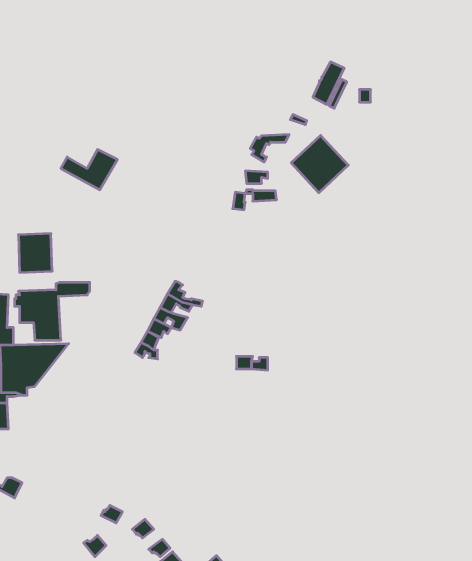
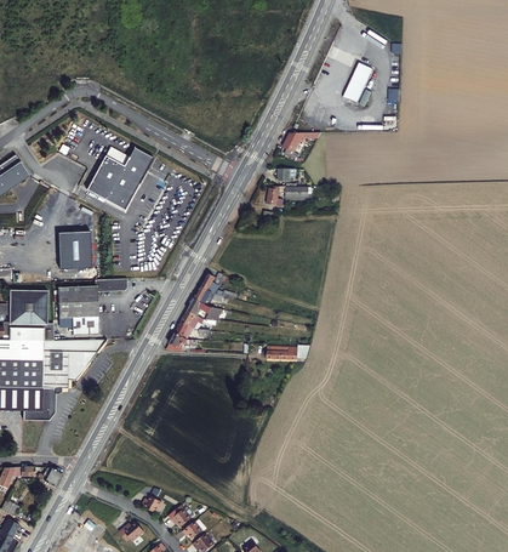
building: [291,135,348,193] -> none
building: none -> [87,166,137,210]

